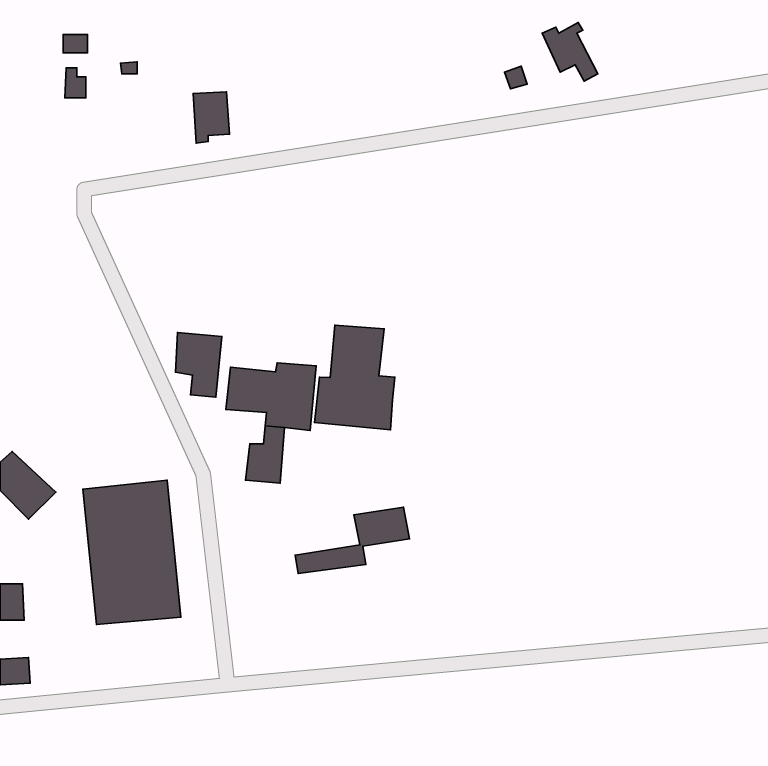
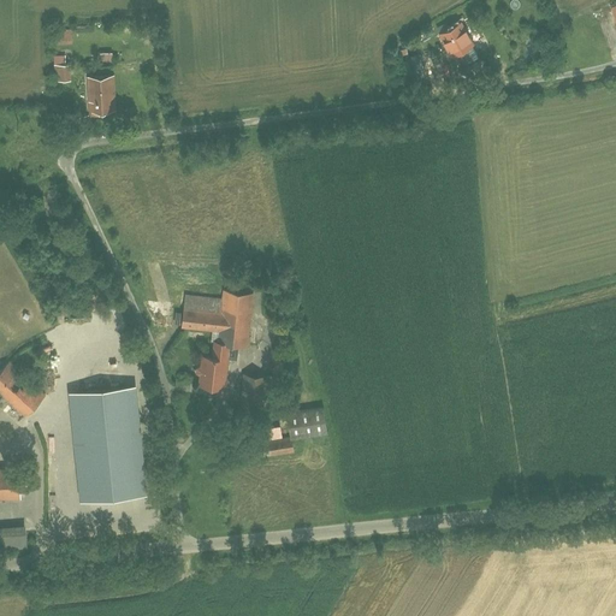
building: [193,92,229,143] -> [87,77,116,118]
building: [315,325,395,430] -> none
building: [175,333,222,397] -> none

